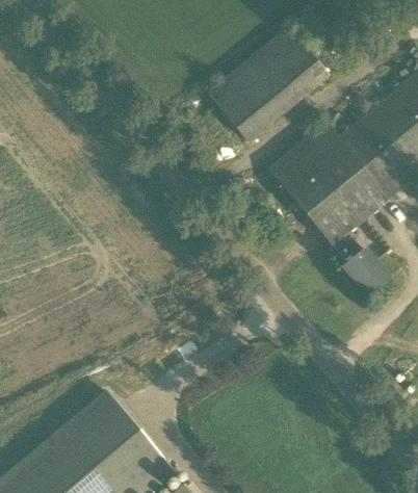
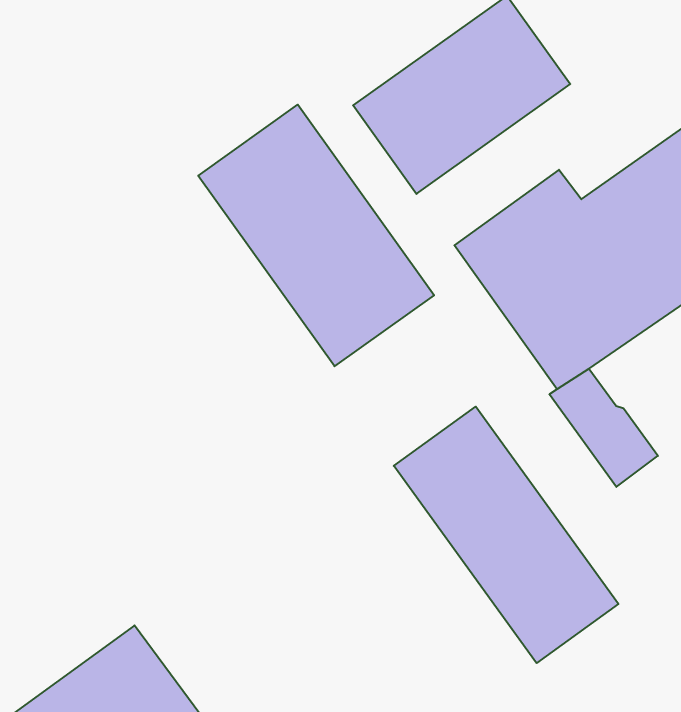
building: none -> [198,105,434,366]
building: none -> [394,407,618,663]

